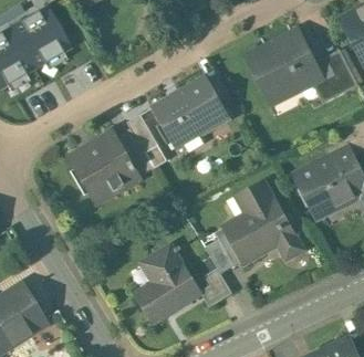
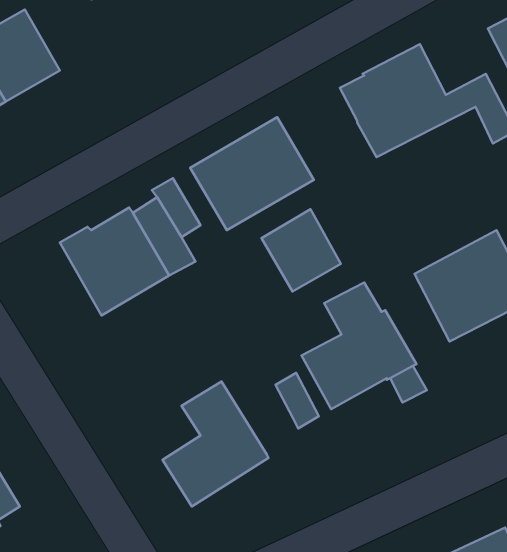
building: none -> [261,209,341,291]
building: [200,267,232,306] -> none

